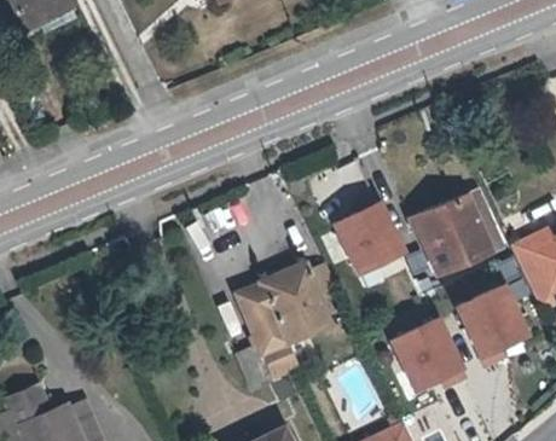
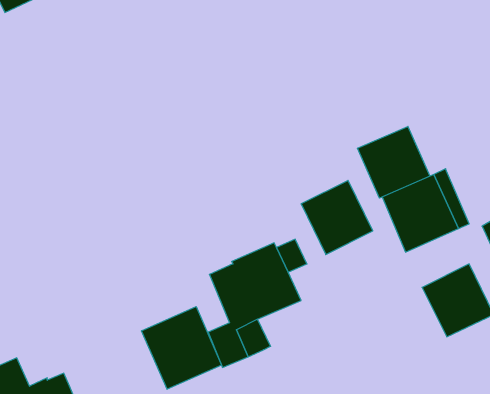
building: none -> [358,126,430,198]
building: [389,318,463,393] -> none
building: none -> [142,307,221,389]

